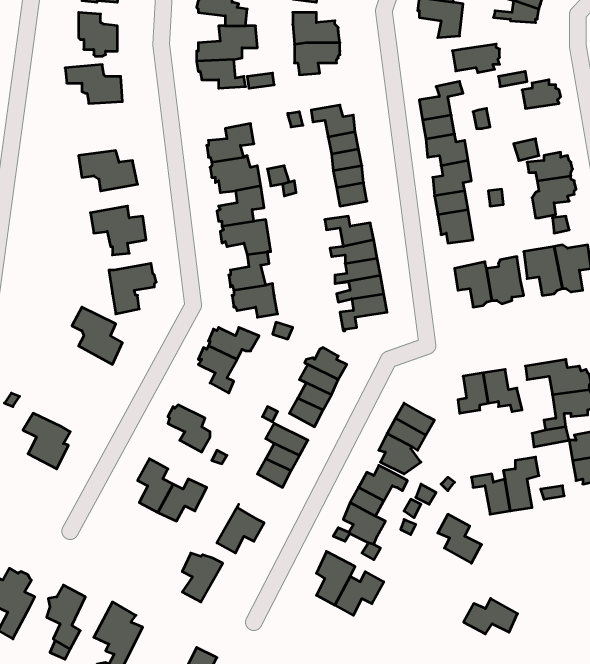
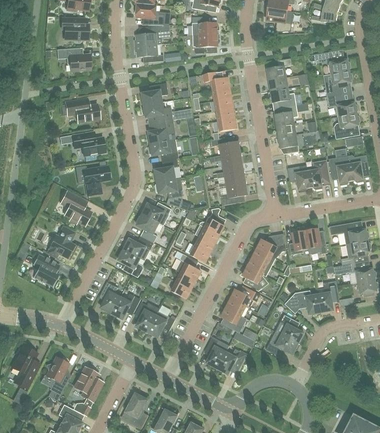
building: [452,44,500,73] -> [323,70,351,87]
building: none -> [46,226,73,257]
building: none -> [257,234,285,258]
building: none -> [123,236,153,260]
building: [182,553,223,602] -> [135,302,159,331]
building: [464,598,518,634] -> [265,334,297,355]

